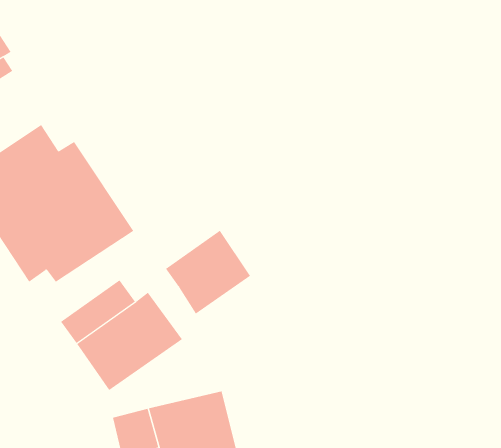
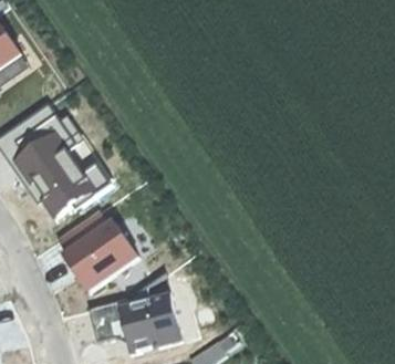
building: [165,230,251,315] -> none

